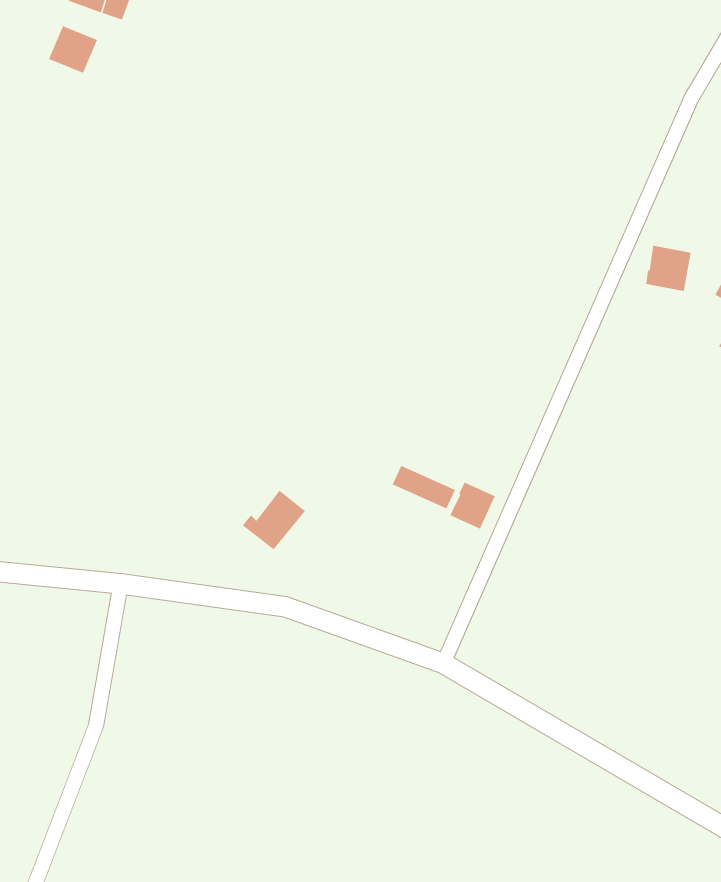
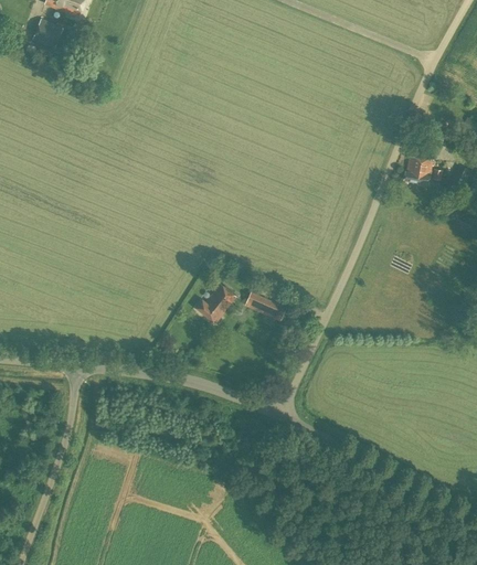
building: [449,482,495,529] -> none
building: [242,490,306,550] -> [195,282,235,320]

